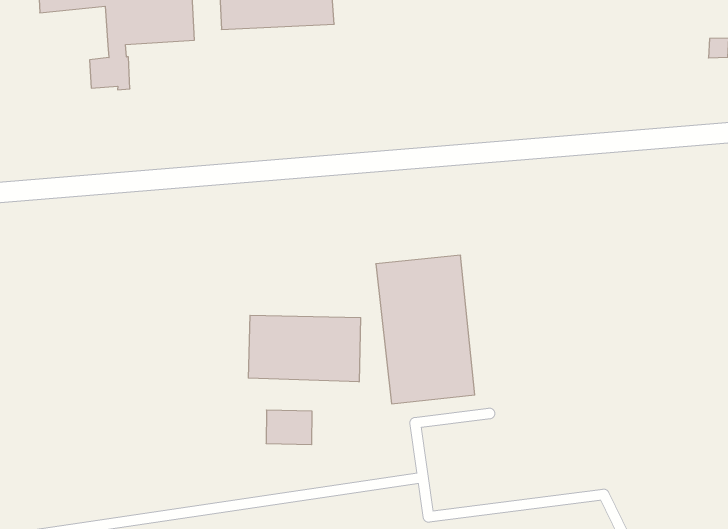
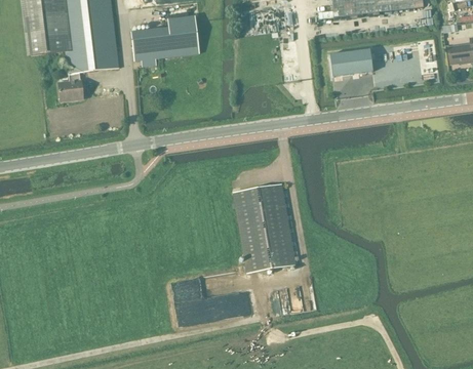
building: none -> [329,49,372,76]
building: [248,315,361,382] -> none

